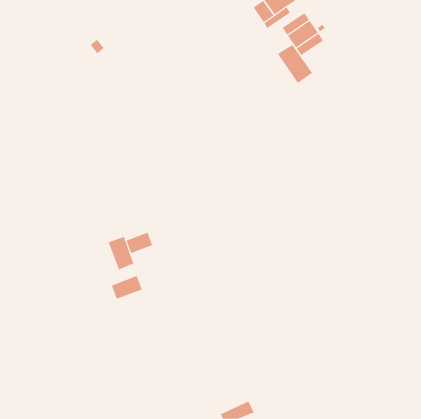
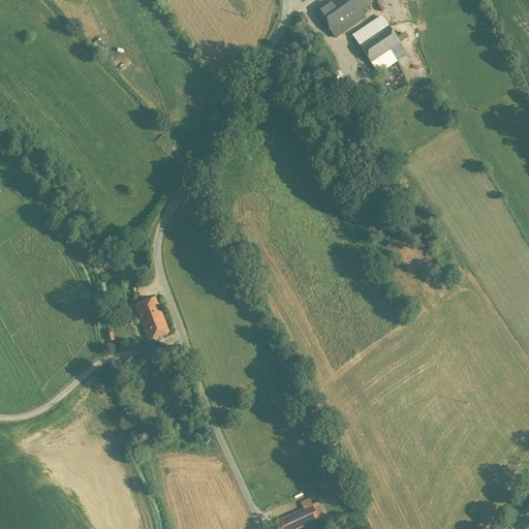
building: [277,44,313,84] -> none
building: [126,232,153,254] -> none
building: [111,275,142,300] -> none

